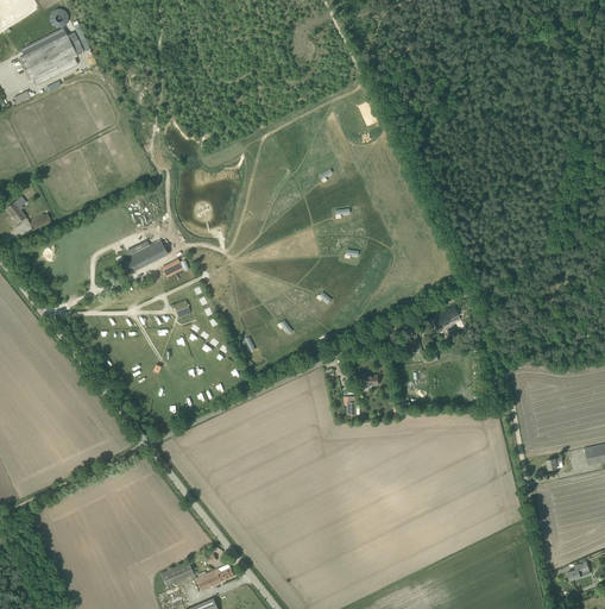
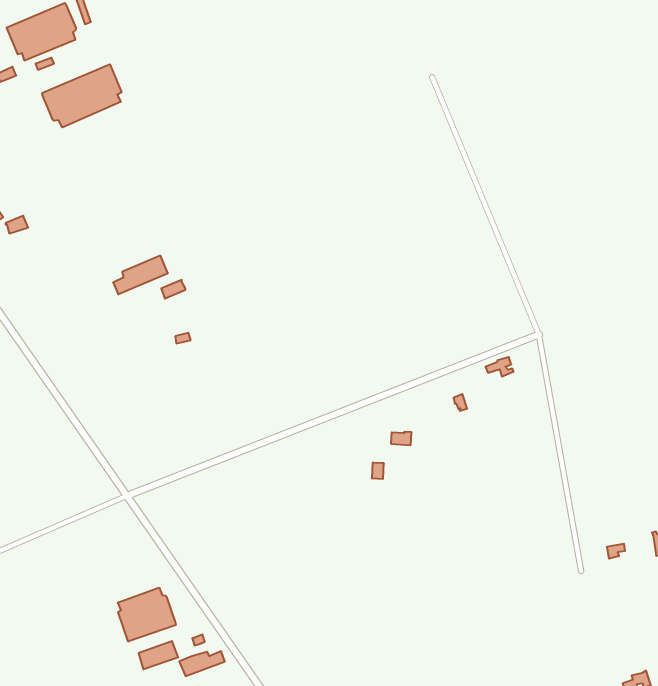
building: none -> [42,64,122,127]
building: none -> [118,588,176,642]

